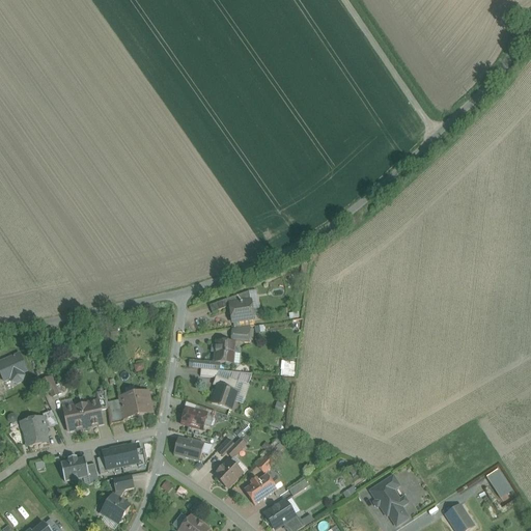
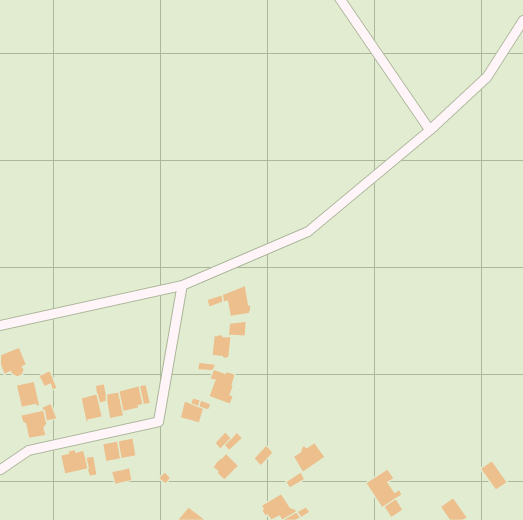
building: [63,403,87,429] -> [16,382,40,407]
building: [174,437,204,460] -> none
building: [245,474,277,504] -> [293,443,325,472]
building: [100,488,131,523] -> none

